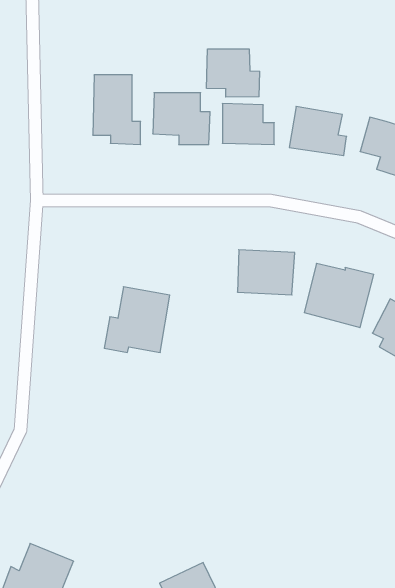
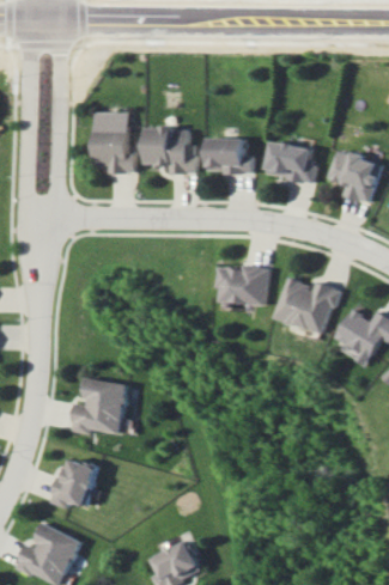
building: [207,49,260,97] -> none
building: [104,287,170,352] -> [71,377,128,434]
building: none -> [49,457,97,508]

